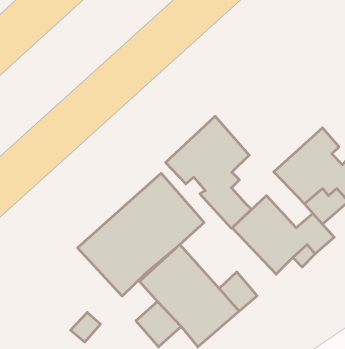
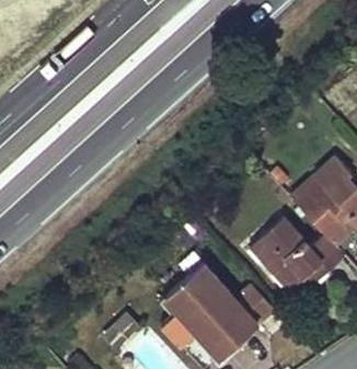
building: [166,116,252,228] -> none
building: [78,173,204,296] -> none

